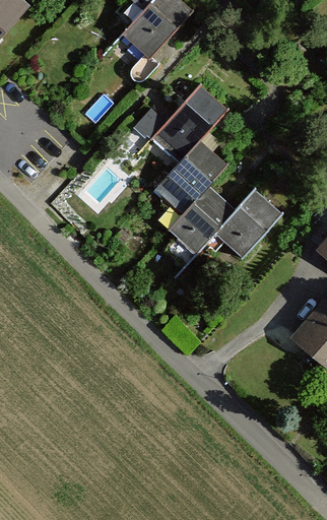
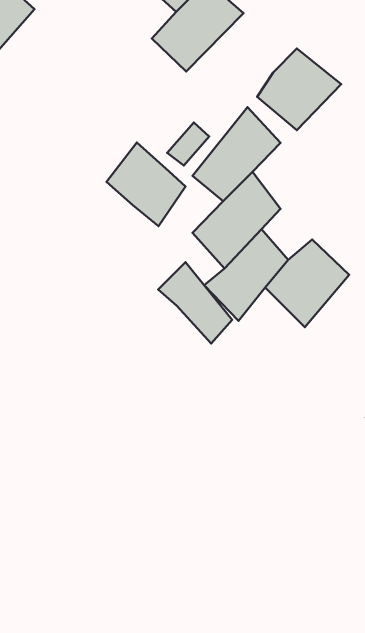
building: none -> [257,49,341,130]
building: none -> [106,142,186,226]
building: none -> [158,262,232,344]

